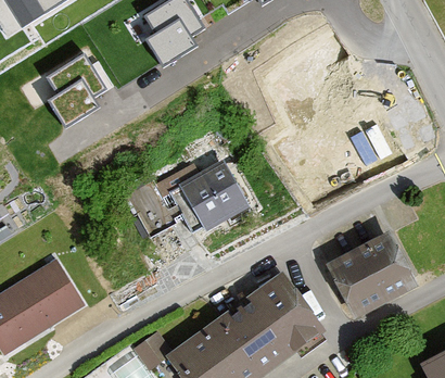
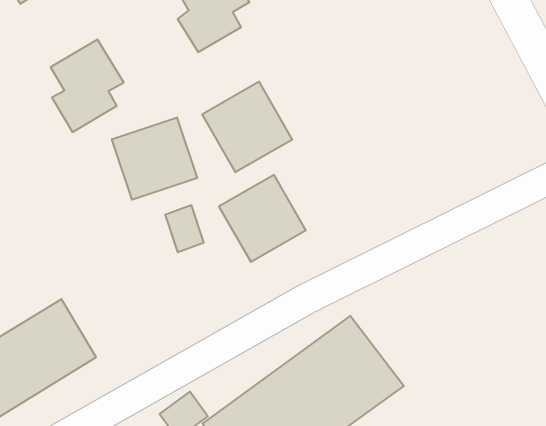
building: none -> [202,82,292,172]
building: none -> [112,117,197,200]
building: [326,231,418,317] -> none

